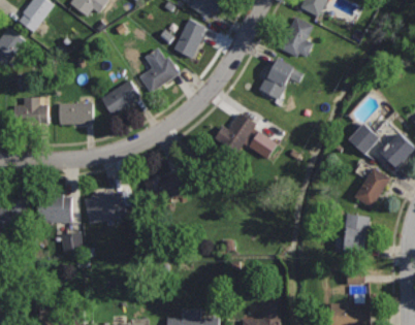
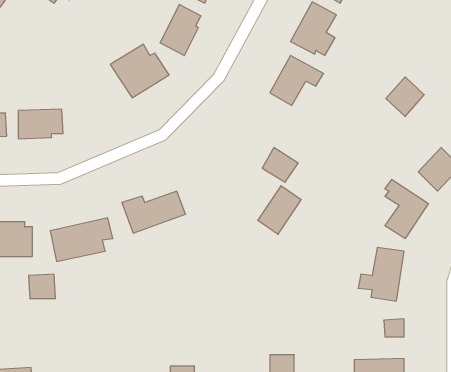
building: [99,78,141,118] -> none
building: [220,113,255,153] -> [258,186,301,234]
building: [354,125,385,157] -> [386,77,424,117]

